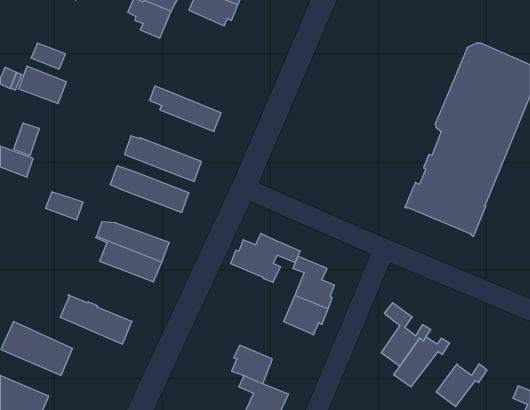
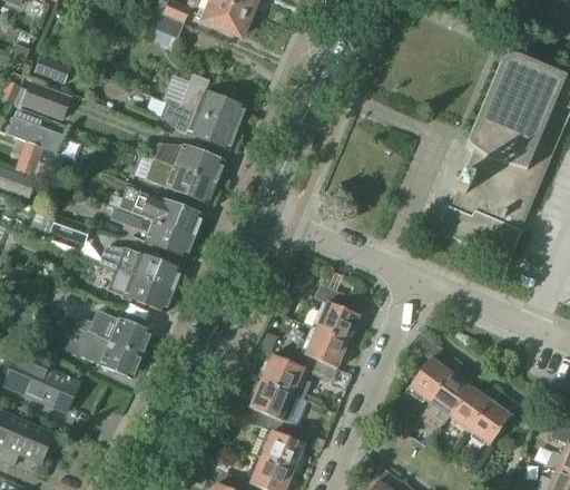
building: none -> [166,72,246,129]
building: none -> [7,115,62,151]
building: none -> [150,141,224,182]
building: none -> [112,206,195,256]
building: [231,233,300,282] -> [257,346,332,399]
building: none -> [75,308,151,353]
building: none -> [448,385,502,429]

